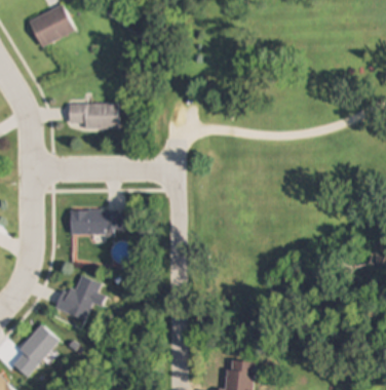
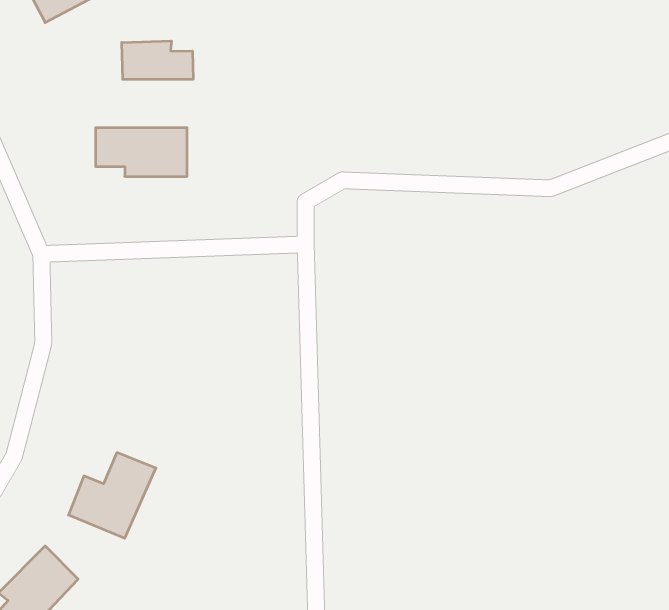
building: none -> [122,41,193,79]
building: [70,209,121,233] -> none

